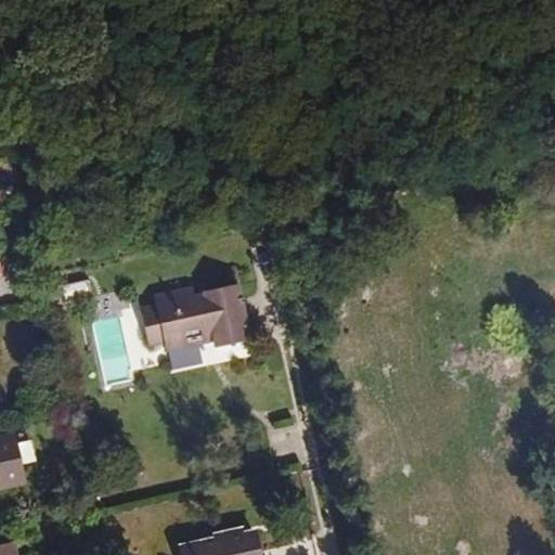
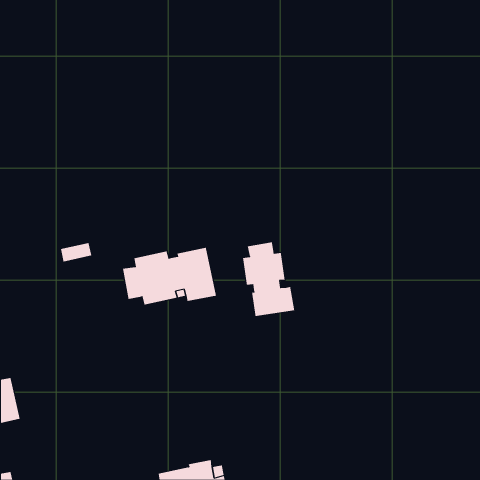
building: none -> [243,241,295,317]

